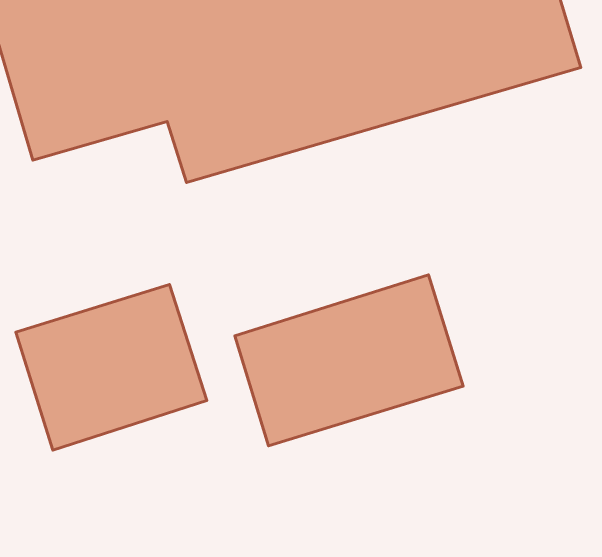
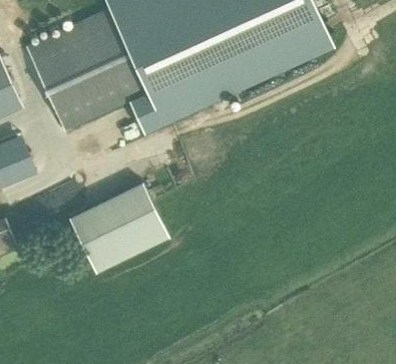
building: [235,275,463,446] -> none

